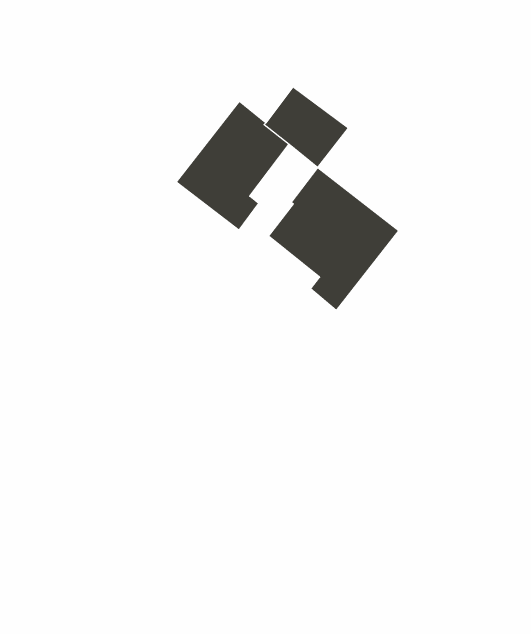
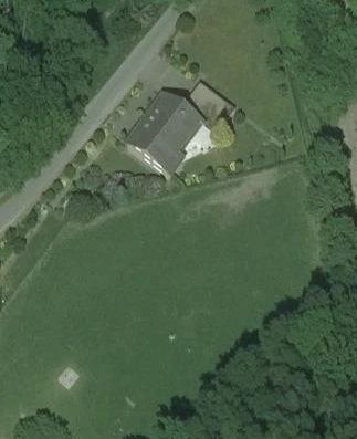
building: [268,168,399,310] -> none

